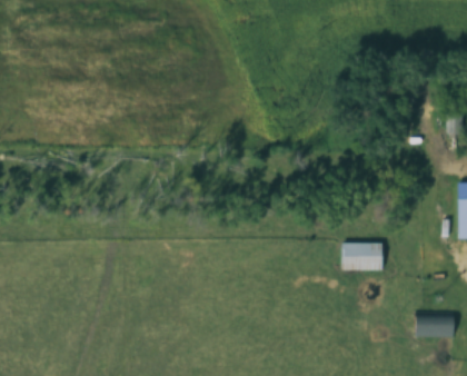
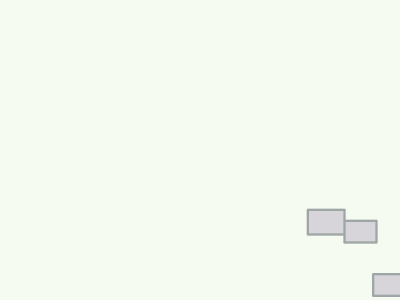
building: none -> [345,221,376,243]

